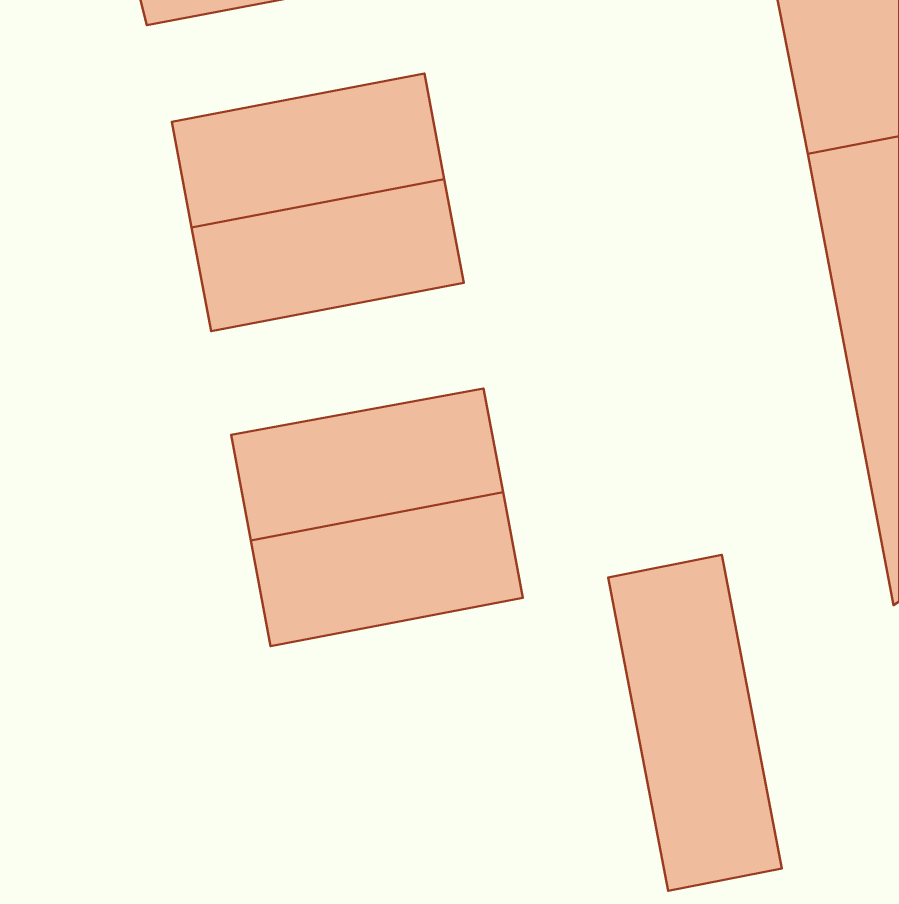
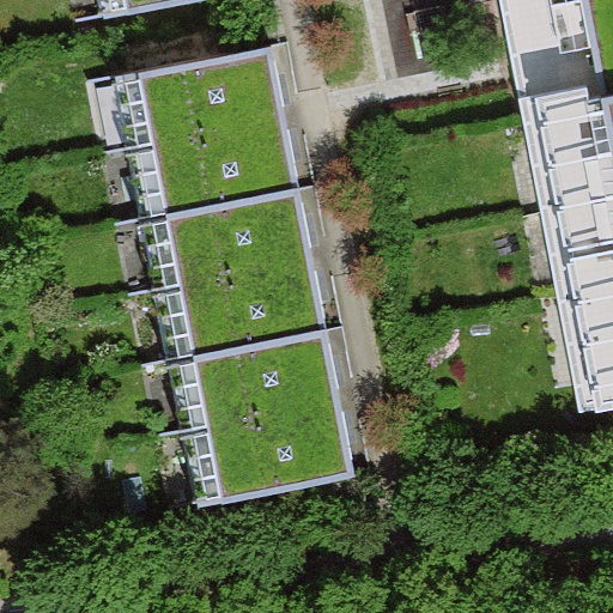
building: none -> [141,189,323,291]
building: [608,555,782,891] -> none
building: none -> [181,400,363,502]

